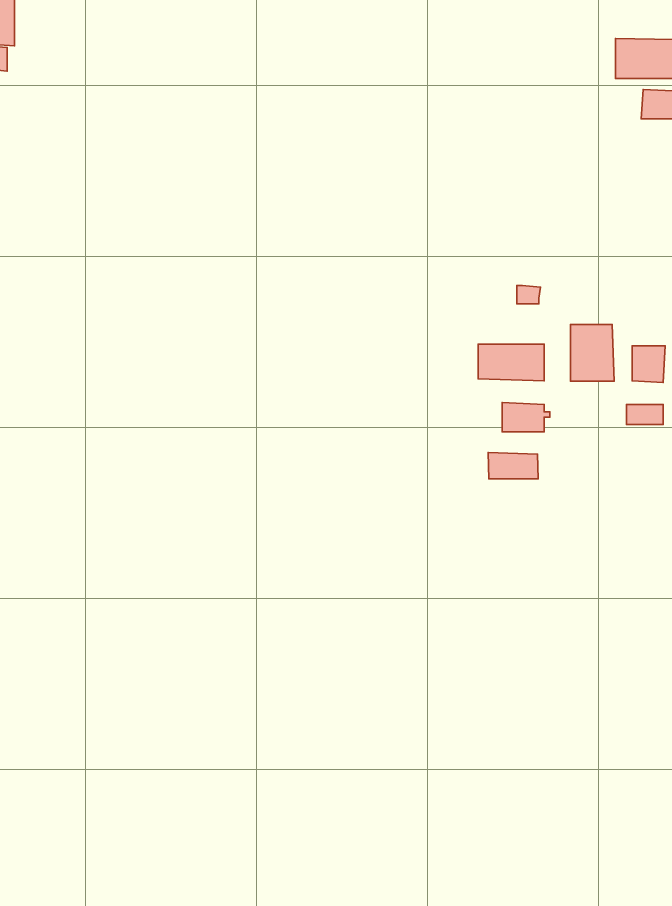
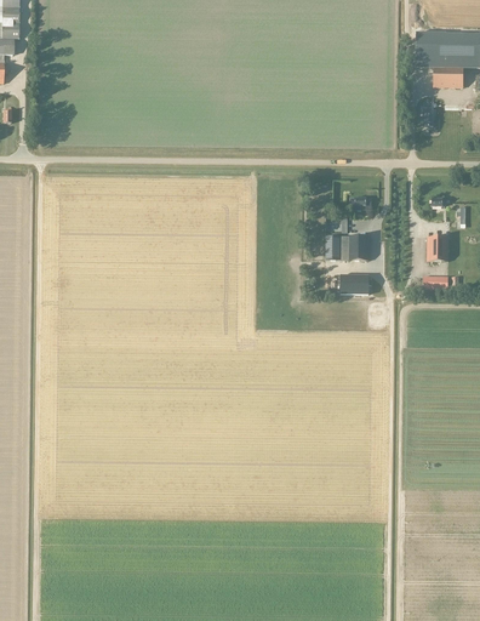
building: [571,324,614,381] -> none
building: [488,452,538,479] -> none

